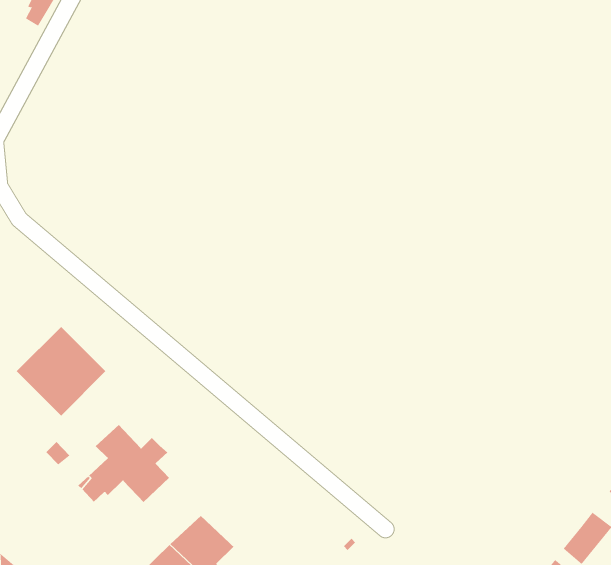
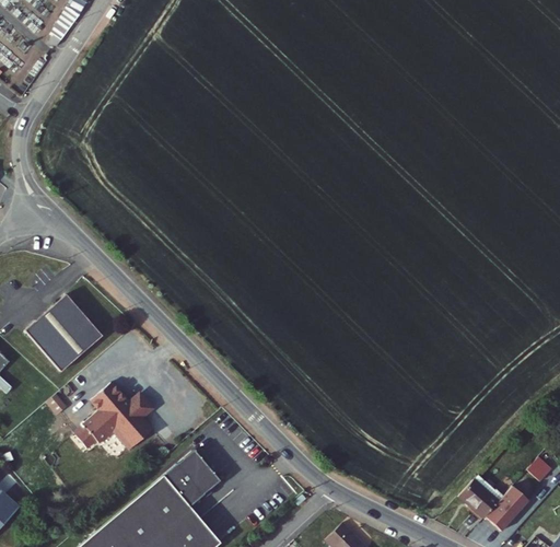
building: none -> [176,451,220,496]
building: none -> [459,477,501,517]

